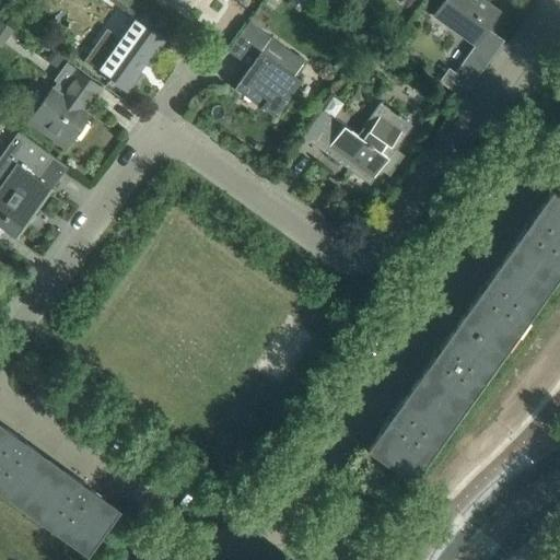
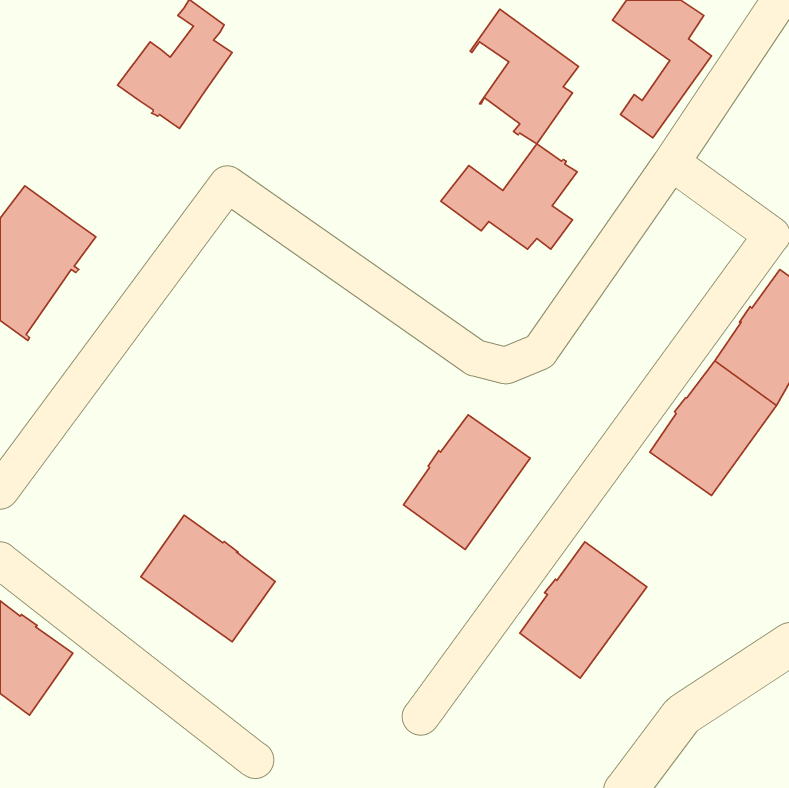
building: [229,23,305,118] -> [470,9,579,144]
building: [30,67,101,149] -> none
building: [415,322,504,417] -> [403,415,530,550]
building: [22,464,117,553] -> [141,515,275,642]

